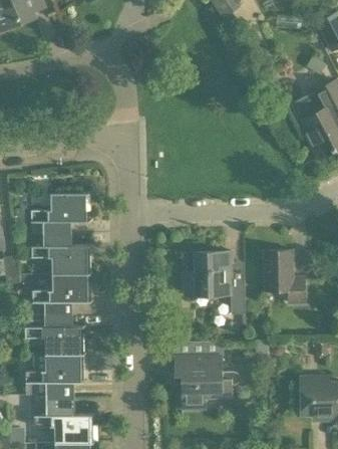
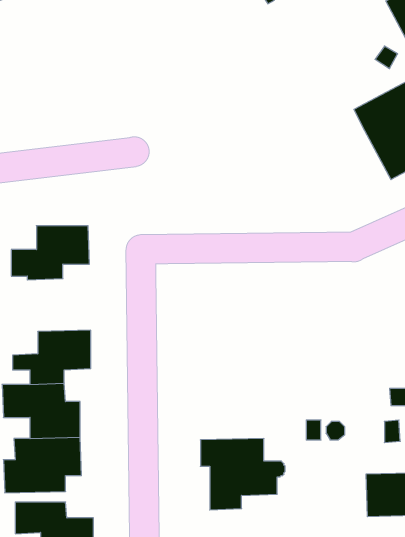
building: [32,233,92,273] -> none
building: [266,249,306,302] -> none
building: [187,250,247,313] -> none

